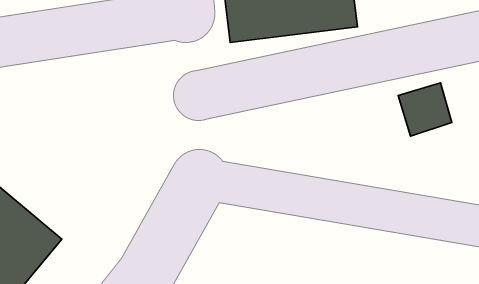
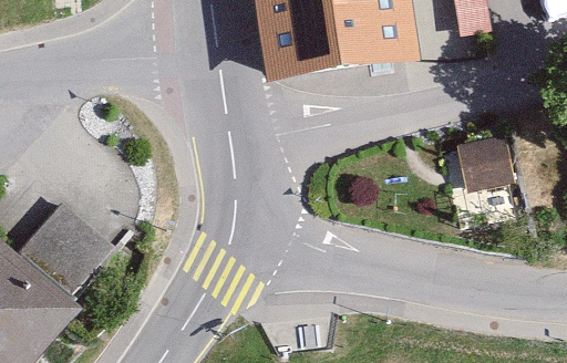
building: none -> [25,199,123,297]

